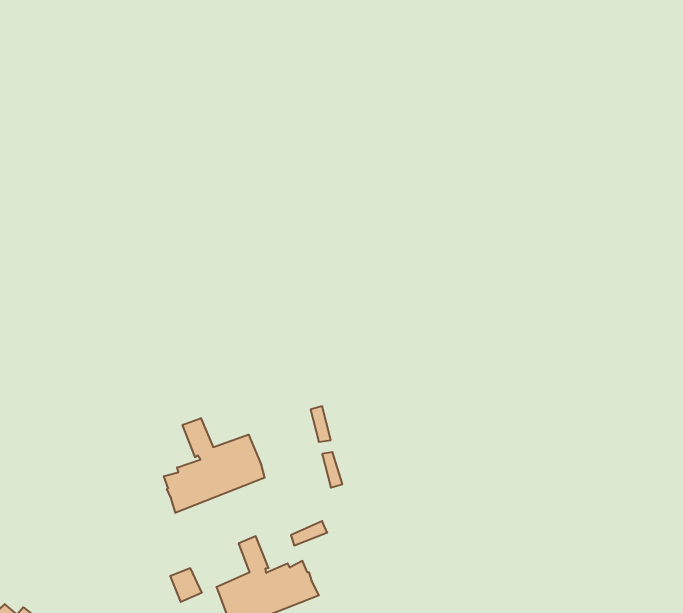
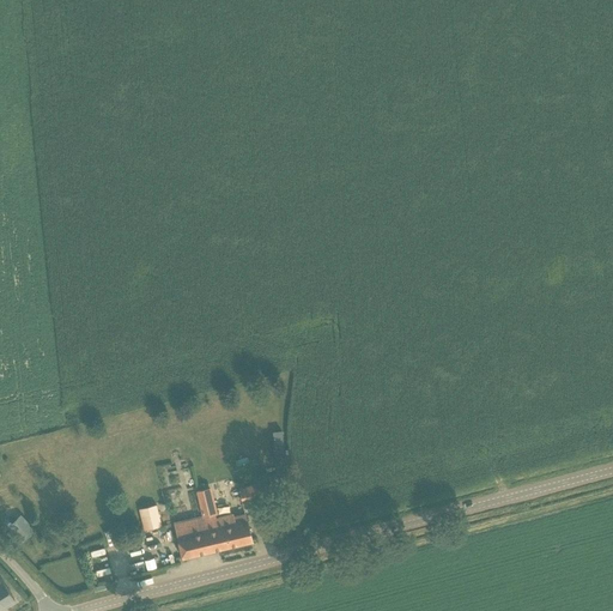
building: [164,418,265,513] -> none

